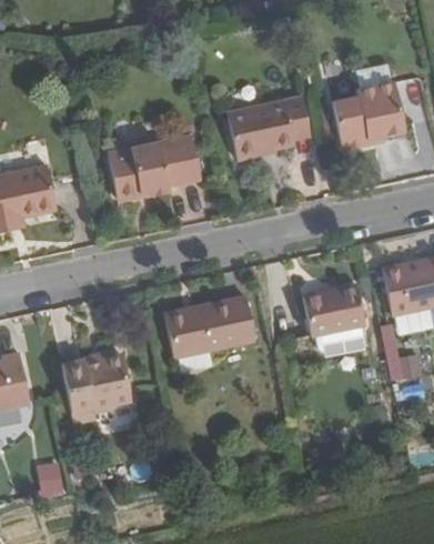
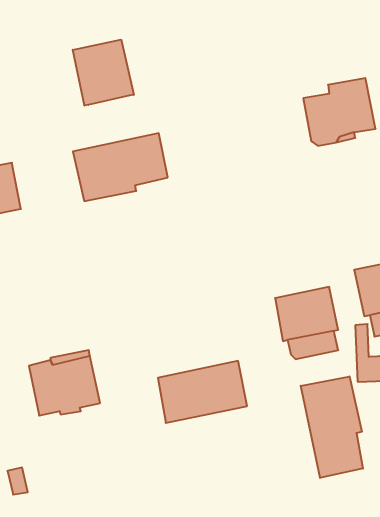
building: none -> [73,40,134,106]
building: [226,97,309,158] -> none
building: [166,296,254,357] -> [158,361,247,423]
building: none -> [301,376,363,478]

